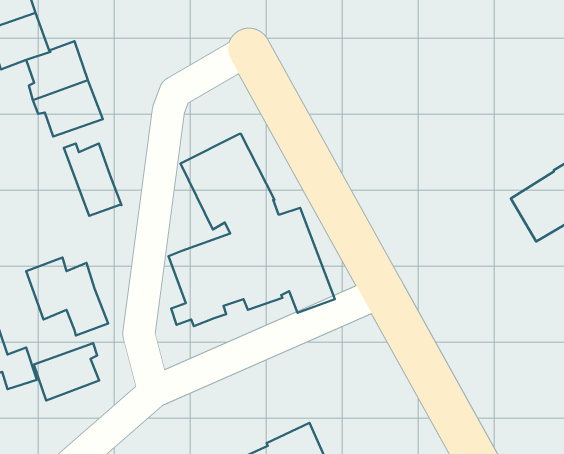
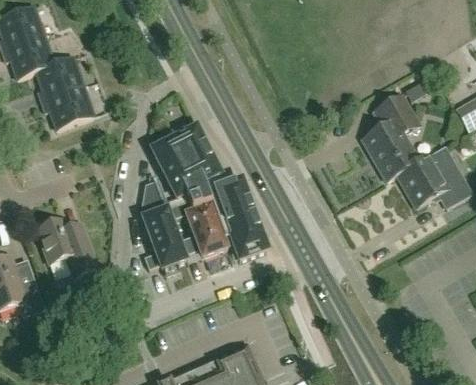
building: none -> [362,94,429,180]
building: [64,144,121,216] -> none
building: none -> [140,179,166,211]
building: [34,343,99,400] -> none

